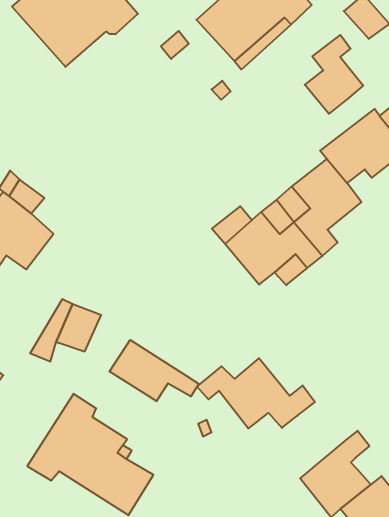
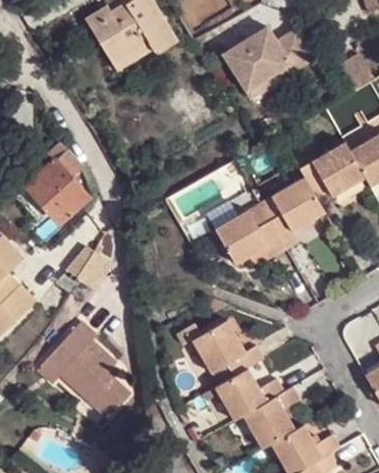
building: [305,35,363,114] -> none
building: [109,340,199,401] -> none
building: none -> [215,368,282,421]

